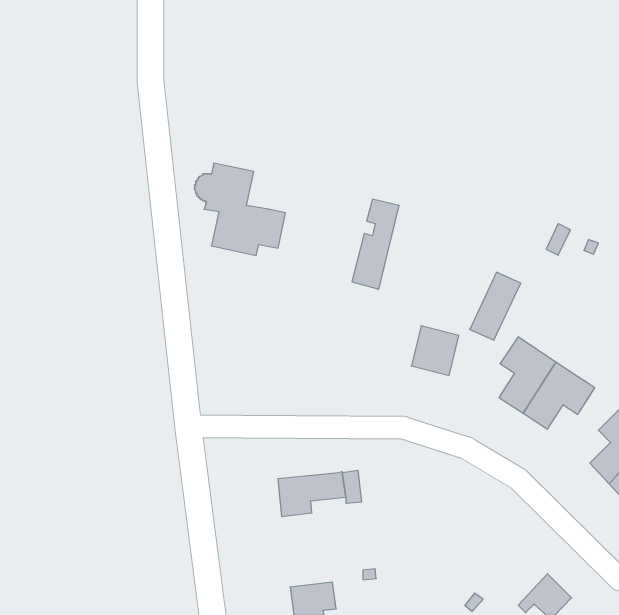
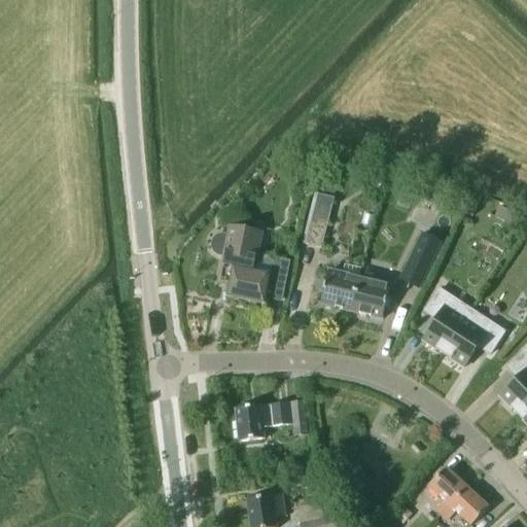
building: [194,163,285,255] -> [213,224,290,303]
building: none -> [319,269,358,310]
building: none -> [426,466,465,513]

